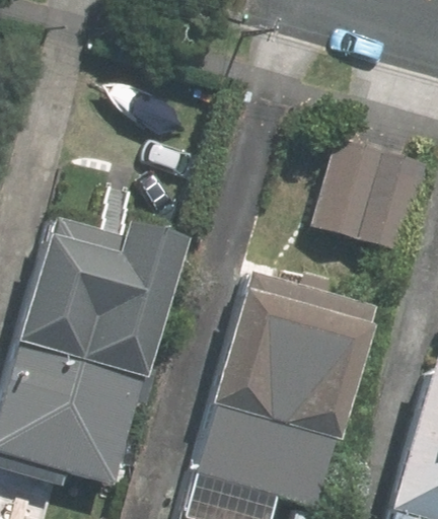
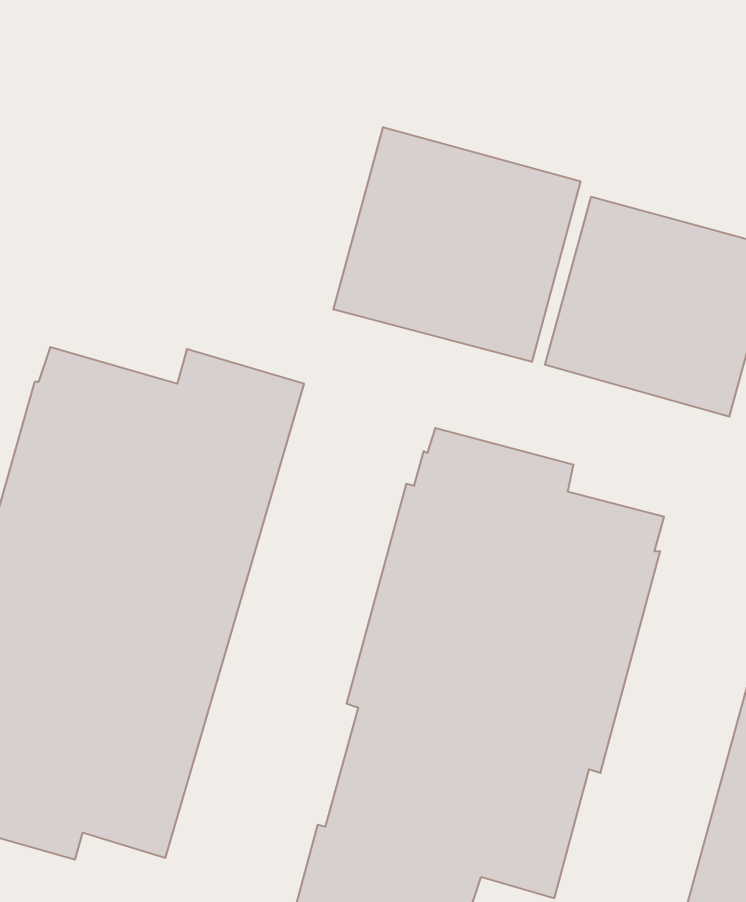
building: none -> [333,127,580,362]

